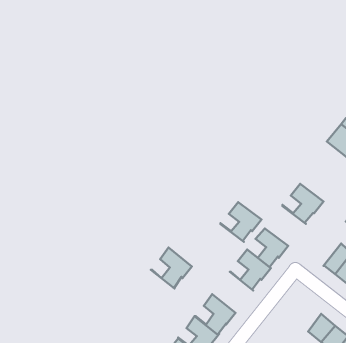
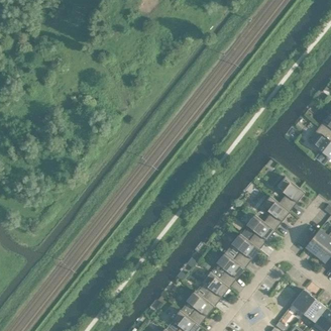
building: [221,202,262,242] -> [254,196,290,230]
building: [151,248,192,289] -> [209,252,244,288]

